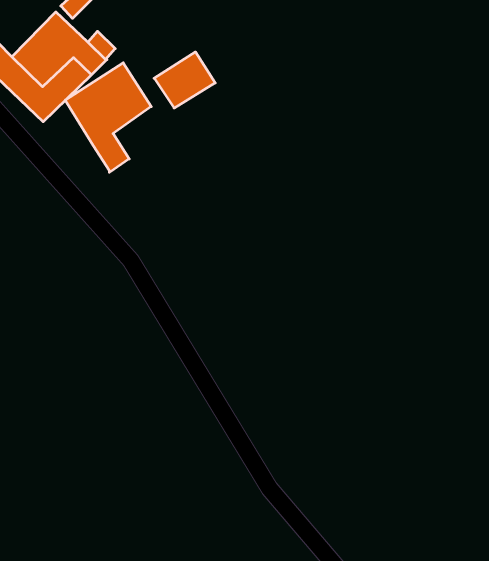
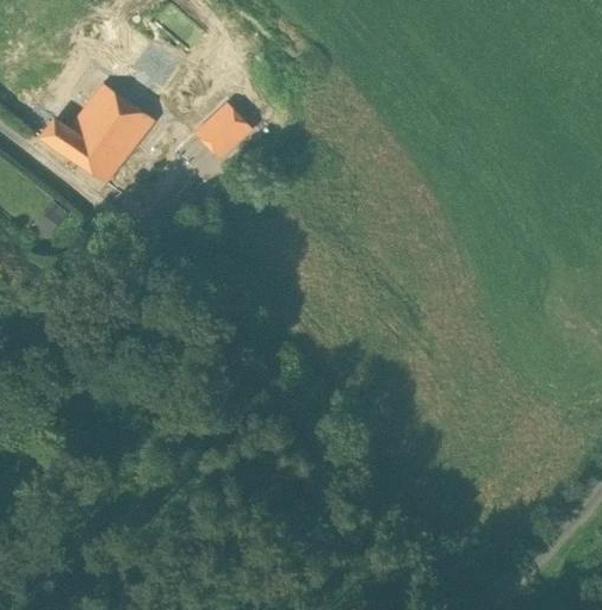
building: [65,63,151,172] -> none

